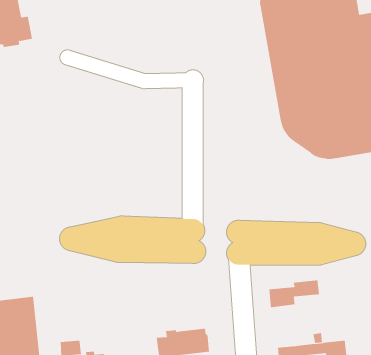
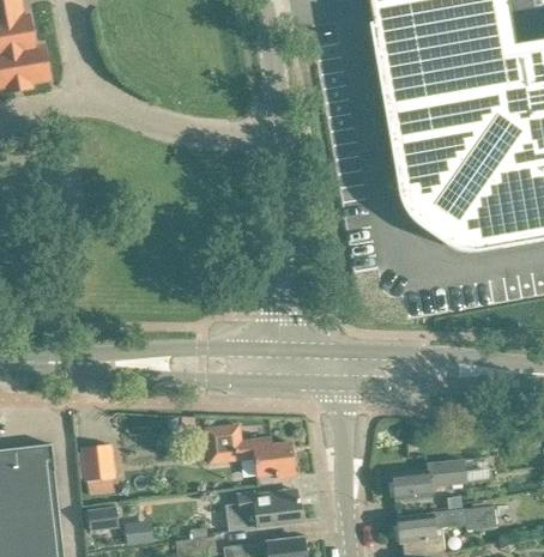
building: [268,280,320,308] -> [392,461,465,501]
building: none -> [205,425,295,478]
building: none -> [77,443,114,495]

